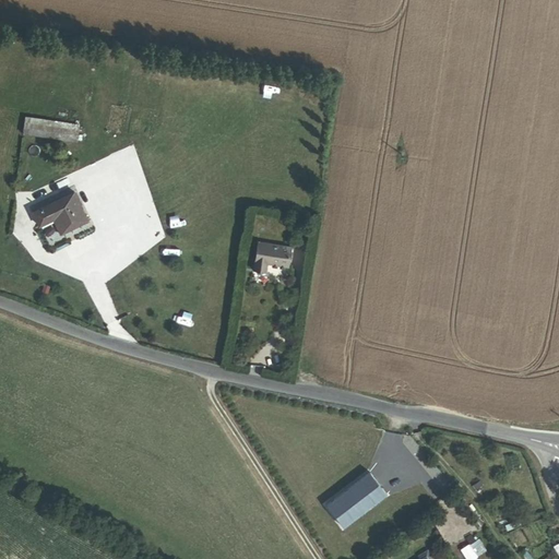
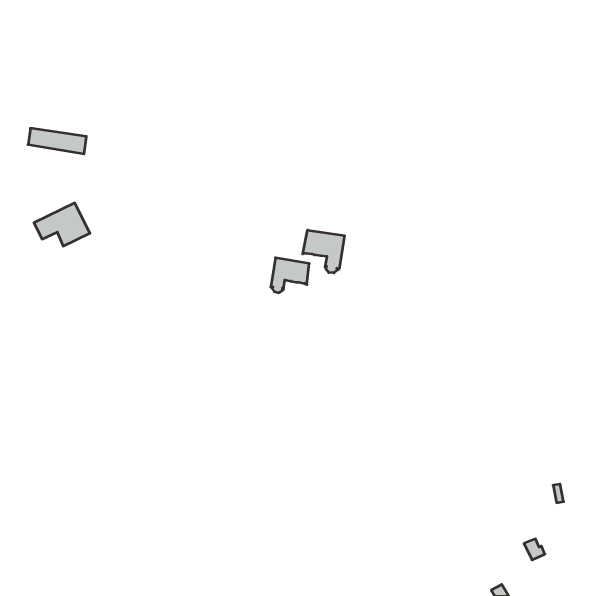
building: none -> [303,230,344,273]
building: [323,473,386,532] -> none

